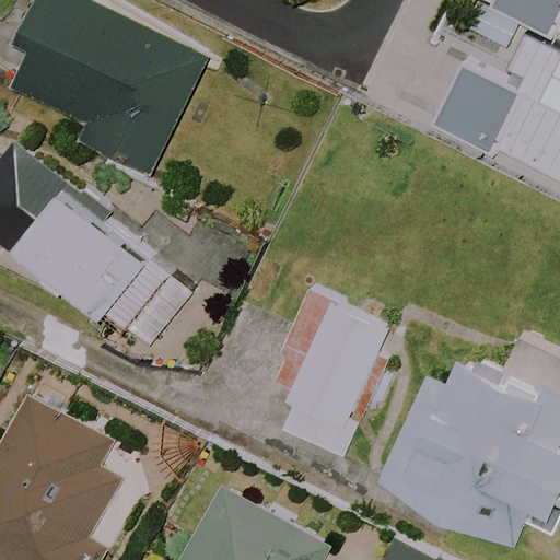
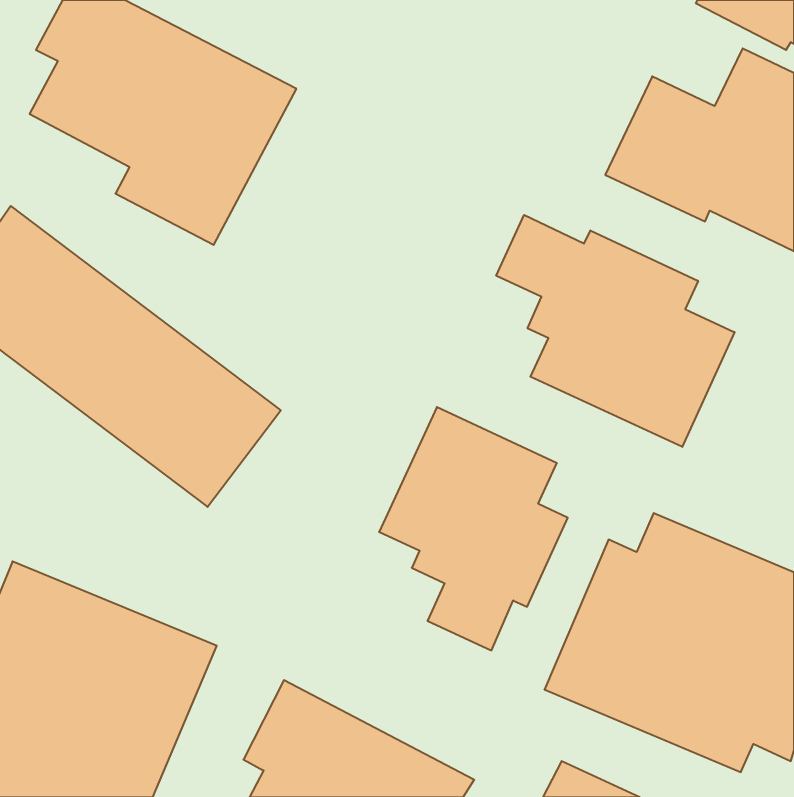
building: none -> [496,215,735,447]

